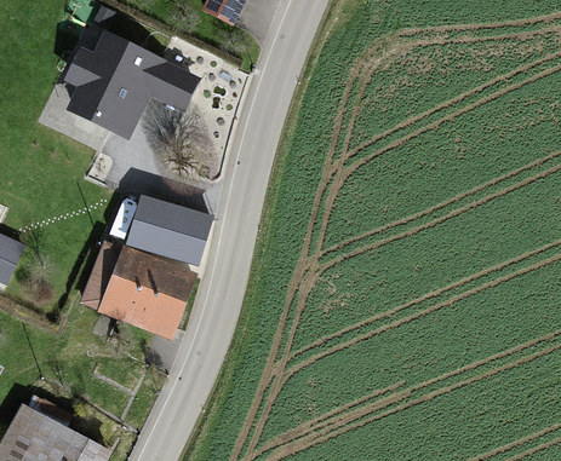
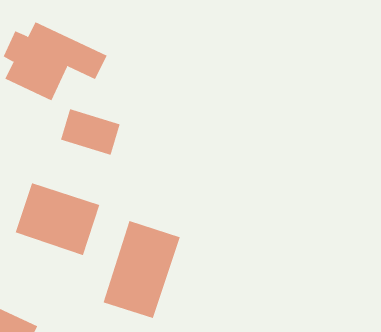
building: [130,200,208,261] -> [60,108,120,156]
building: none -> [103,220,180,319]

